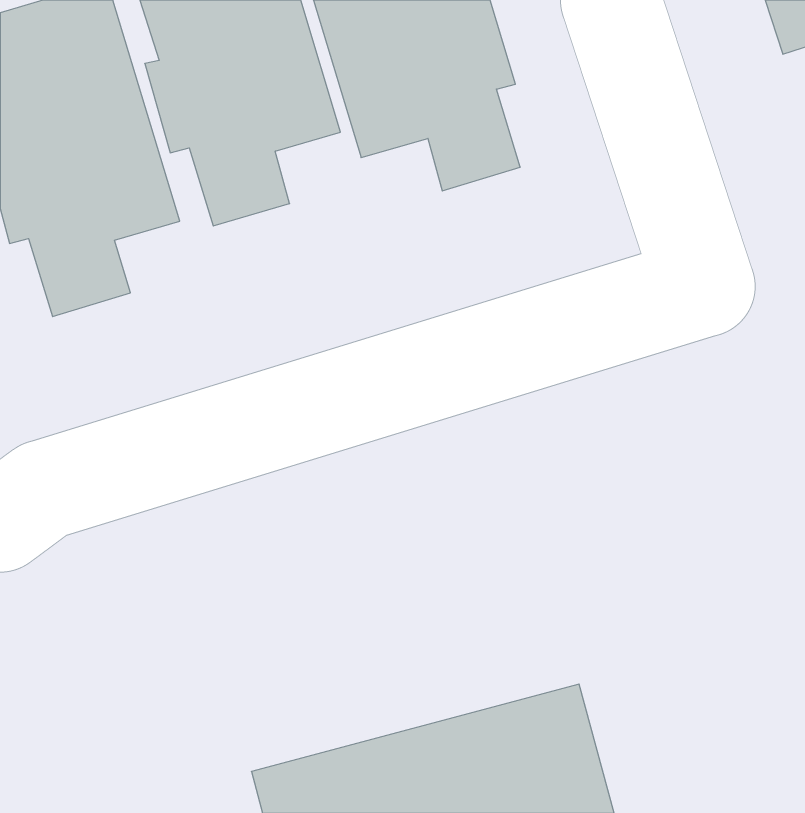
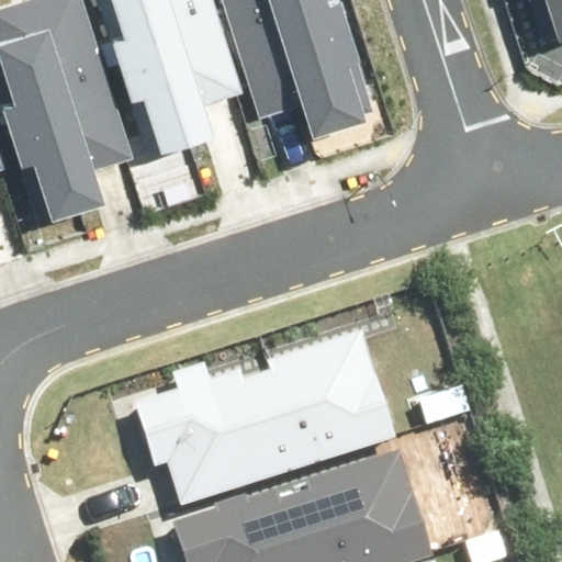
building: none -> [148,356,401,506]

